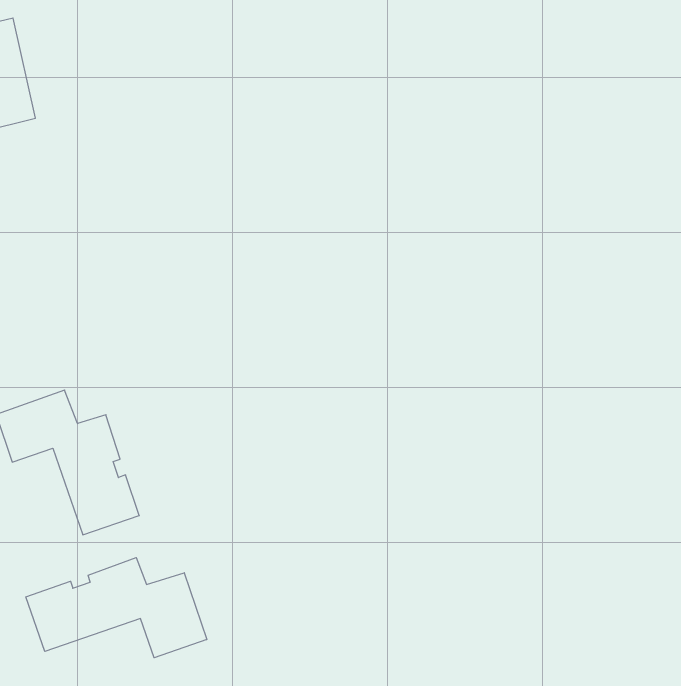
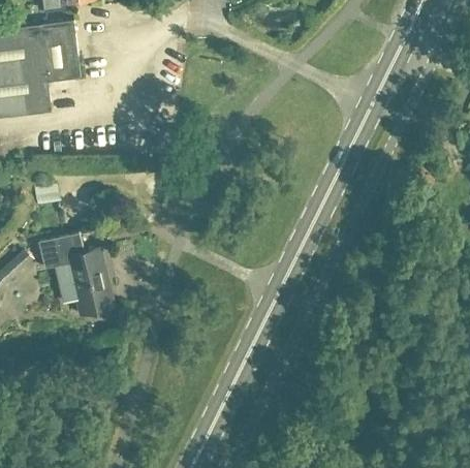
building: [26,558,207,658] -> none

